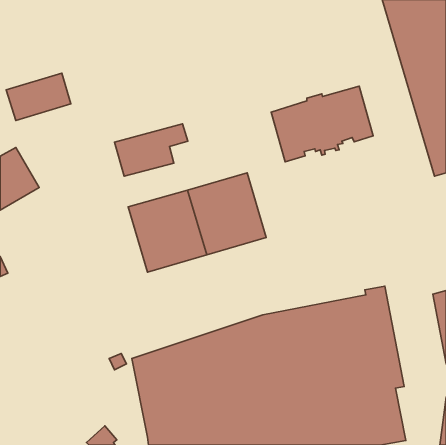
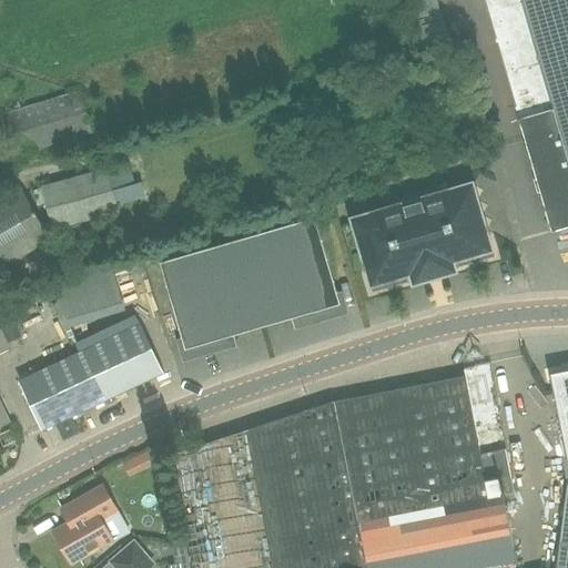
building: [271,86,373,162] -> [359,193,489,290]
building: [115,124,188,176] -> [42,162,135,229]
building: none -> [20,325,163,429]
building: none -> [54,486,118,561]

